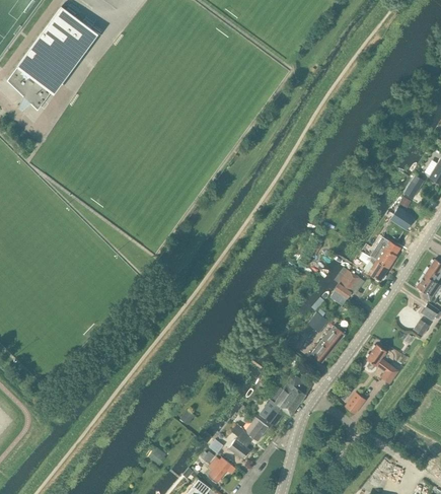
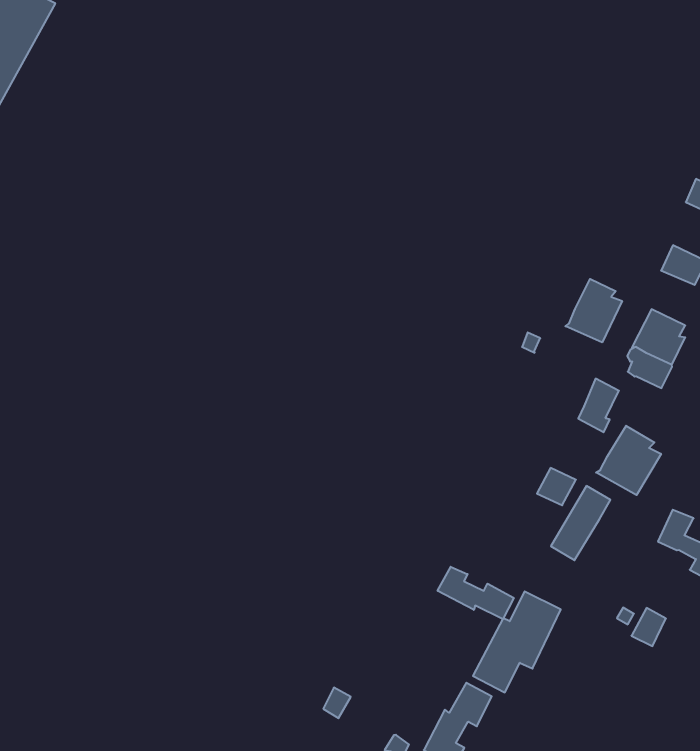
building: none -> [565,279,622,342]
building: none -> [596,426,661,495]
building: none -> [438,567,514,619]

